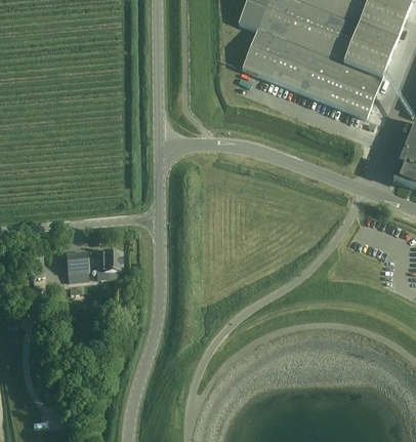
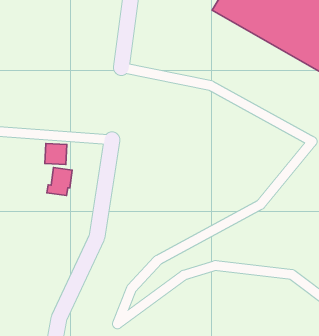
building: [65,250,88,273] -> [45,143,67,164]

